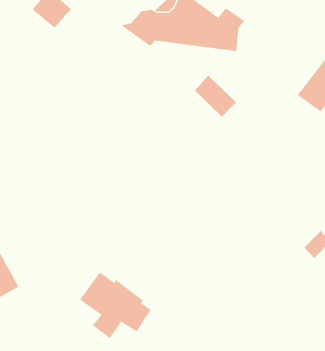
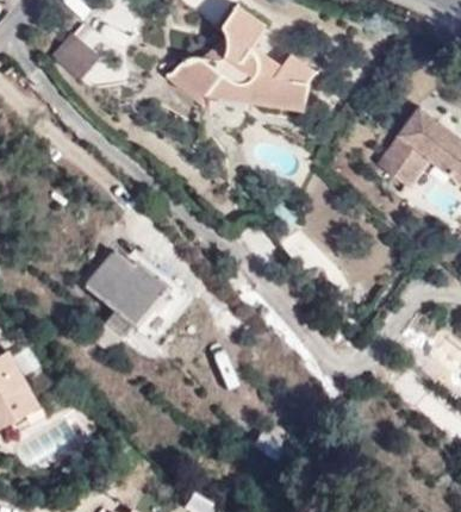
building: [194,75,237,118] -> none
building: [79,272,151,339] -> [80,256,169,339]

